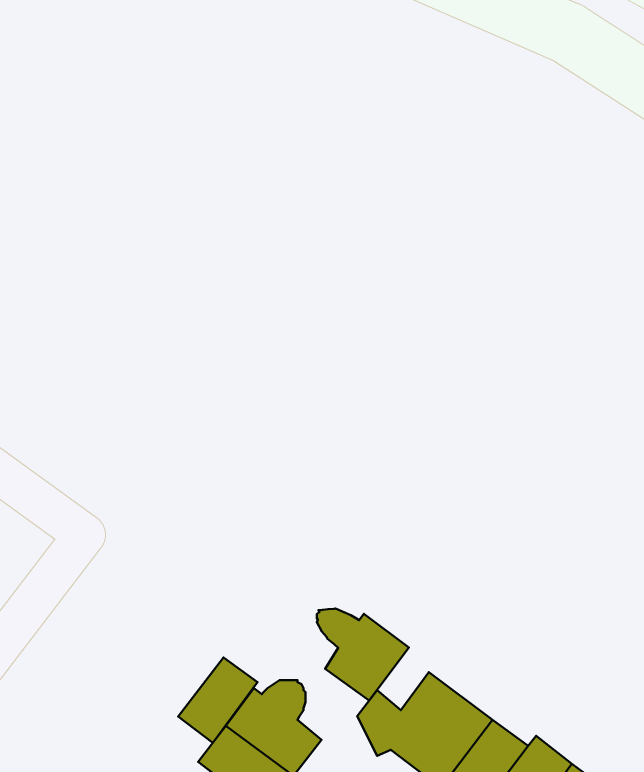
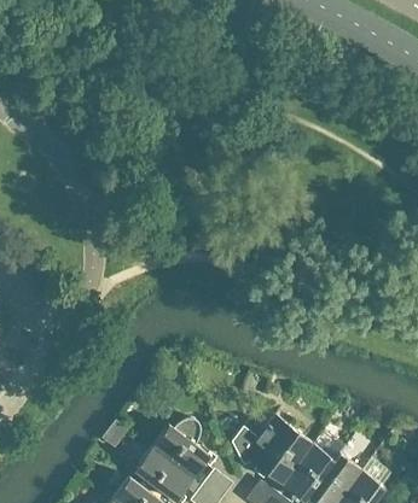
building: [317,609,409,701] -> none
building: [178,657,257,743] -> none

